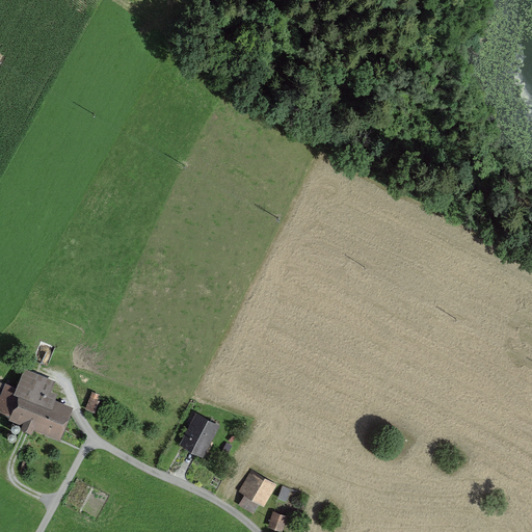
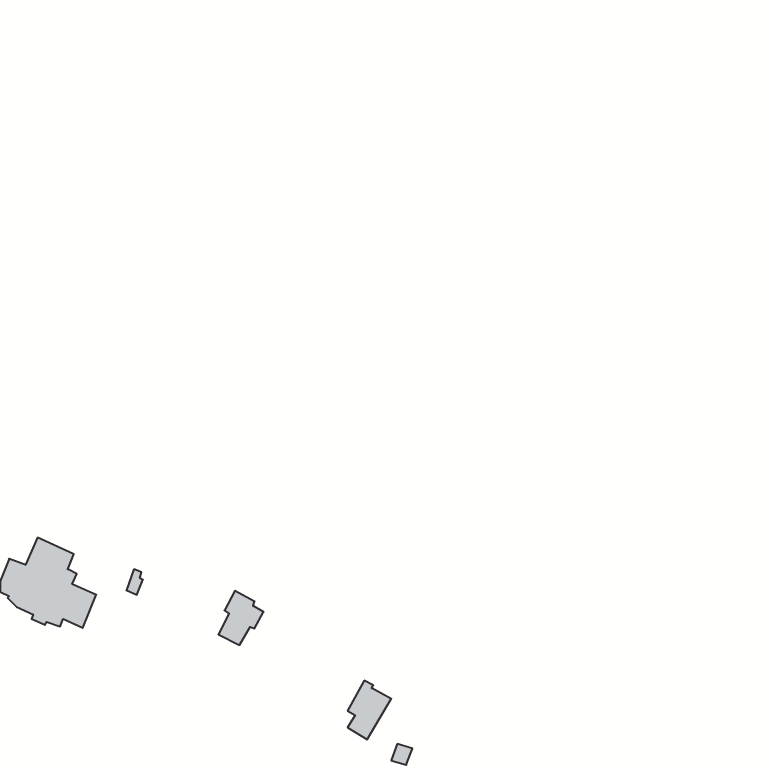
building: [185,416,216,453] -> [218,591,264,645]

